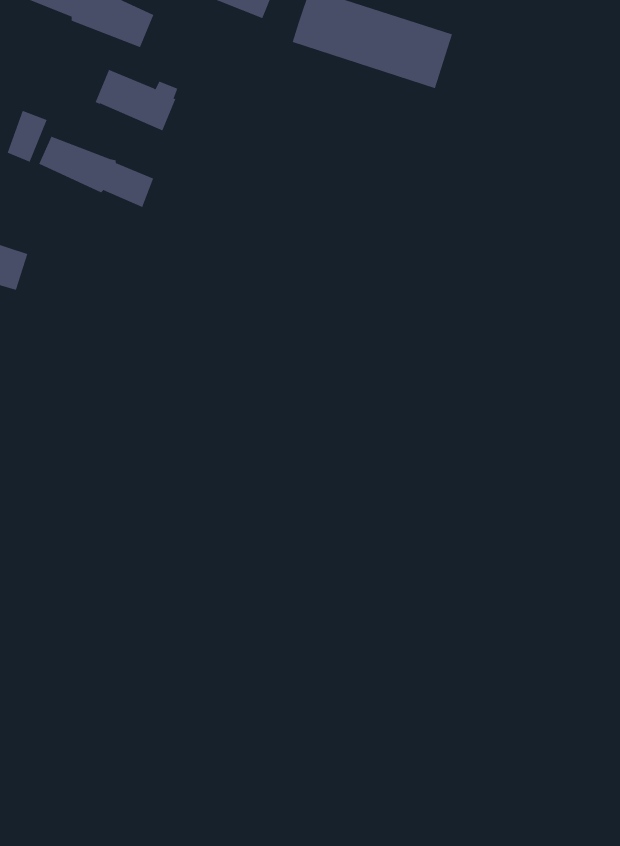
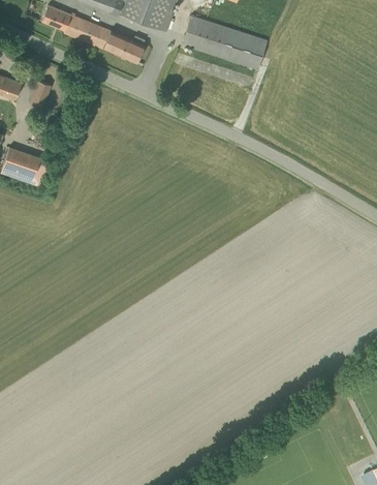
building: [95,69,178,131] -> [100,29,145,62]
building: [39,136,154,208] -> none

